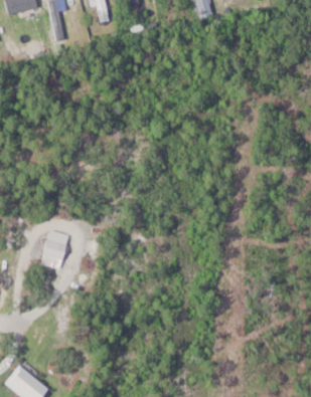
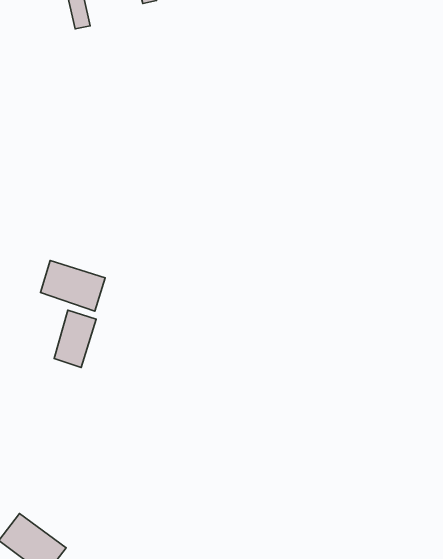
building: none -> [41,261,105,311]

